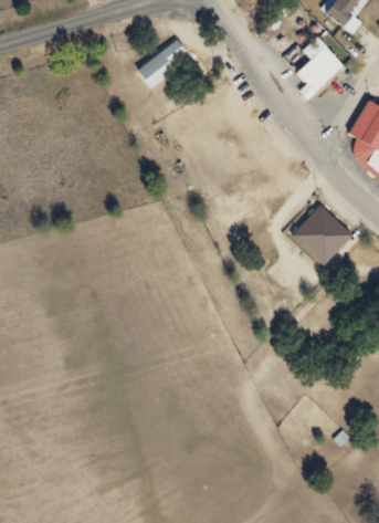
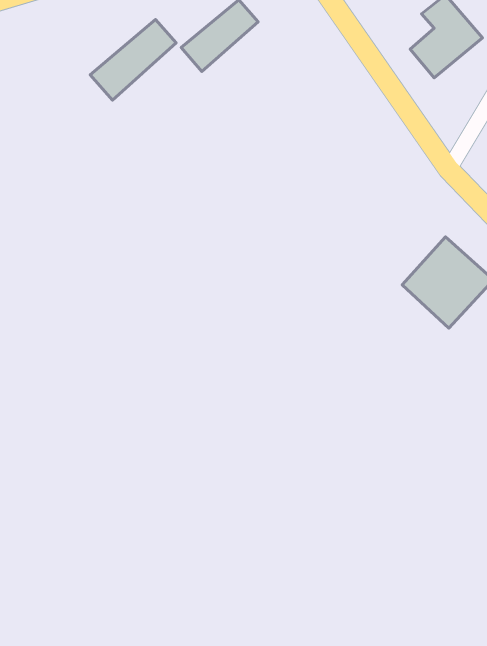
building: none -> [90,19,176,100]

